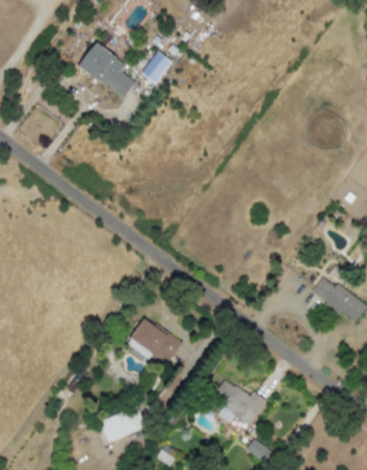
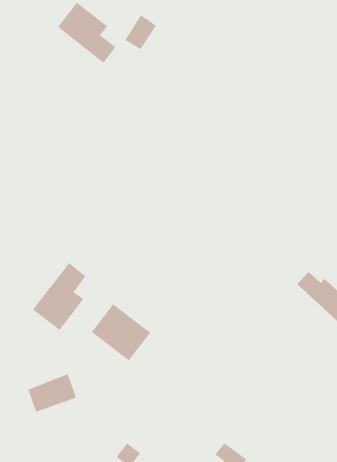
building: none -> [32,262,86,331]
building: [213,380,265,425] -> none
building: [100,406,146,443] -> [28,374,77,413]

